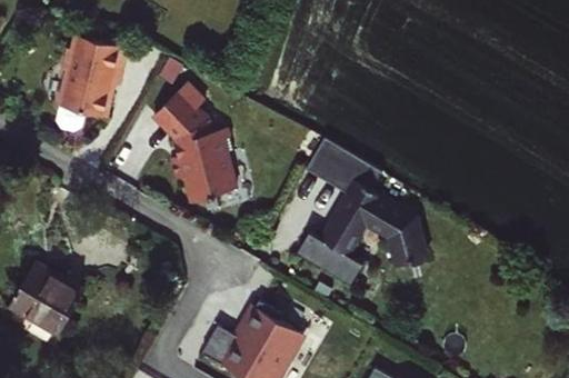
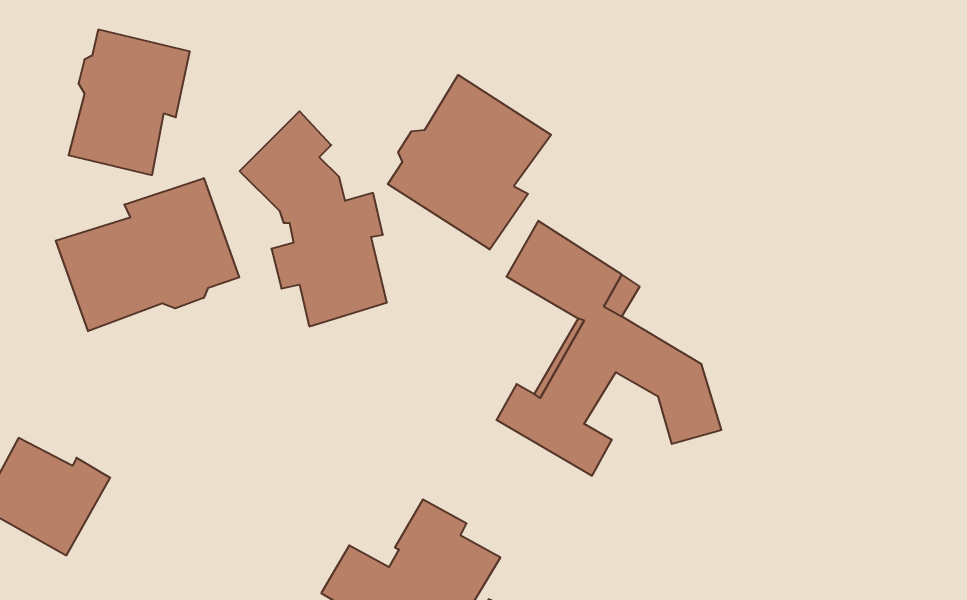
building: none -> [388,75,551,250]
building: none -> [56,178,239,331]

